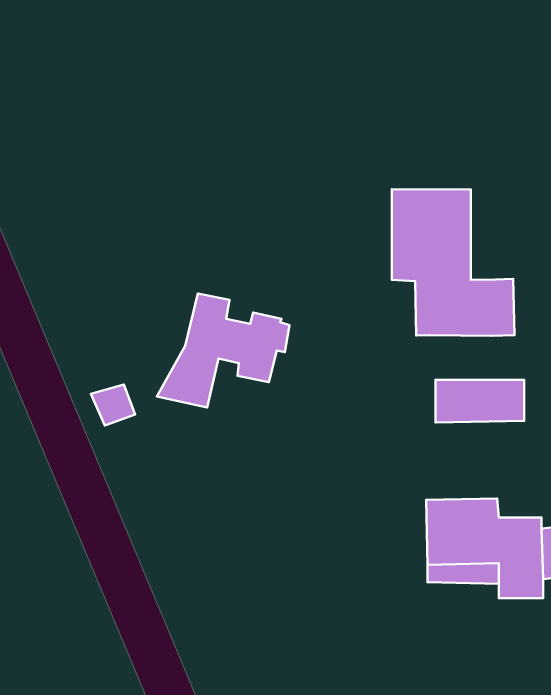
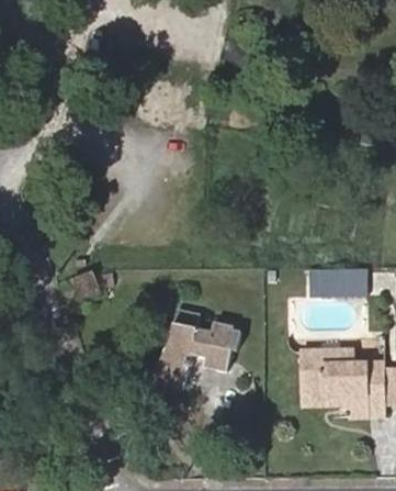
building: [392,189,514,336] -> none
building: [157,294,290,408] -> [148,308,240,387]

